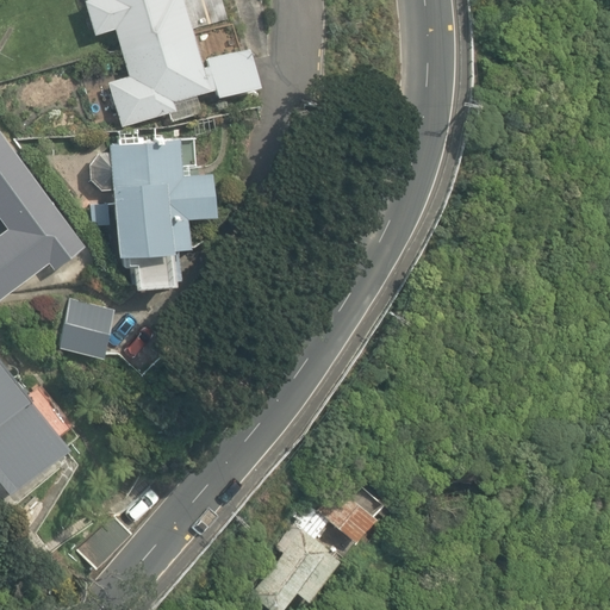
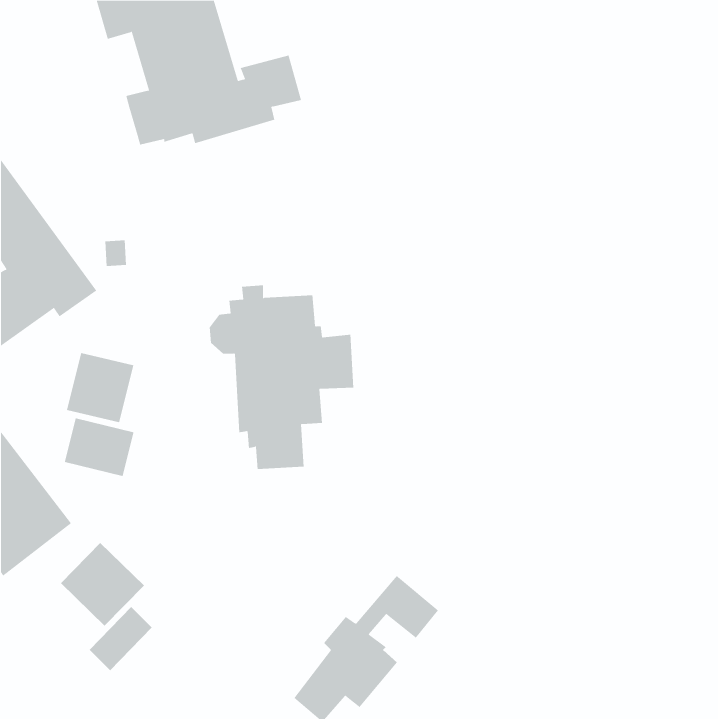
building: [91,130,213,286] -> [209,285,354,470]
building: none -> [64,418,134,477]
building: none -> [60,542,145,626]

